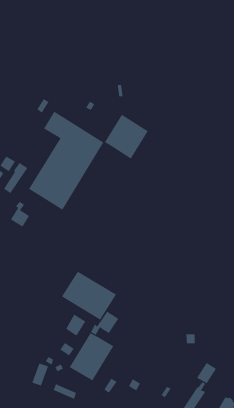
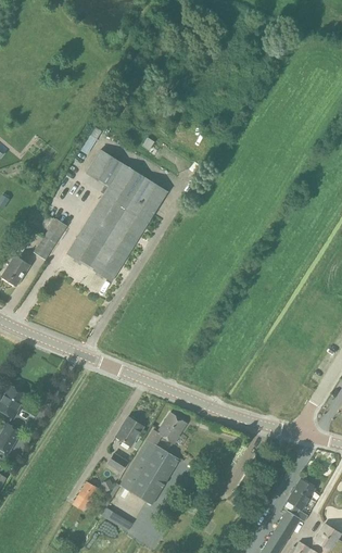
building: [104,114,148,159] -> none
building: [10,201,30,227] -> none
building: [61,271,117,320] -> none

